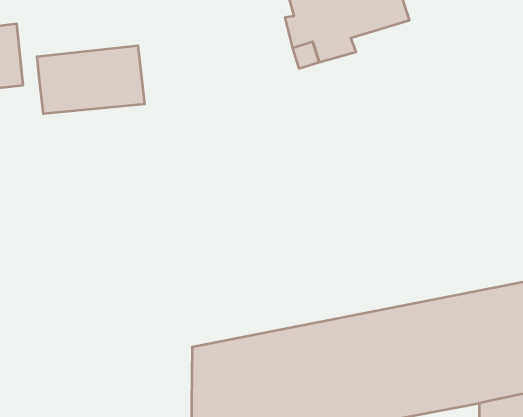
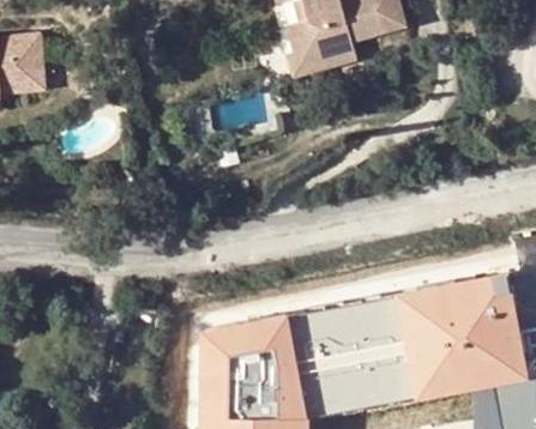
building: [37,46,144,114] -> none

